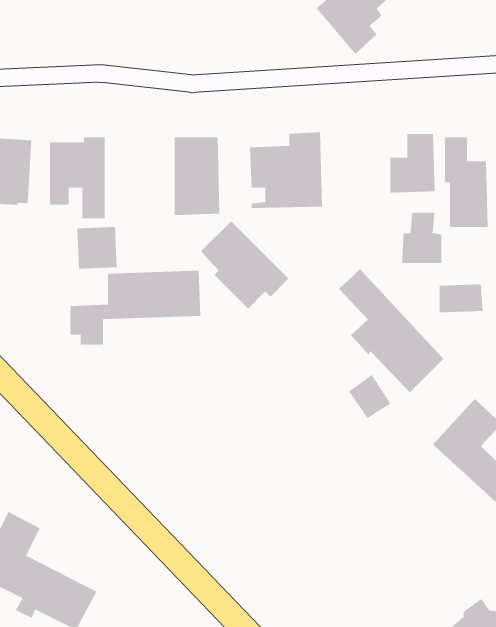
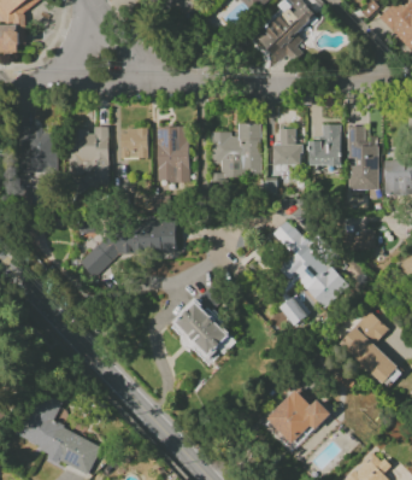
building: [401,212,442,264] -> [272,128,301,164]
building: [200,220,289,309] -> [175,299,237,362]
building: [76,227,117,269] -> [119,128,148,158]
building: none -> [264,388,330,449]

